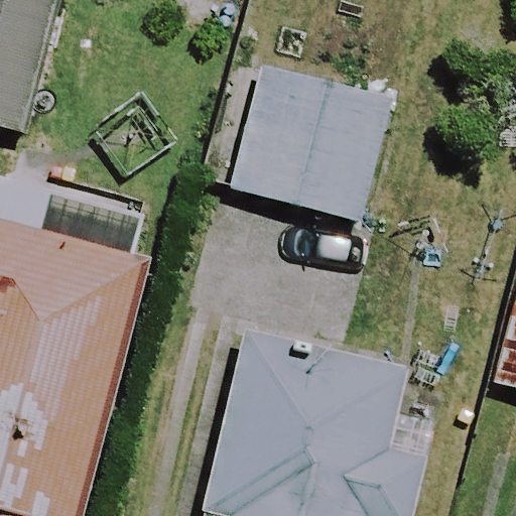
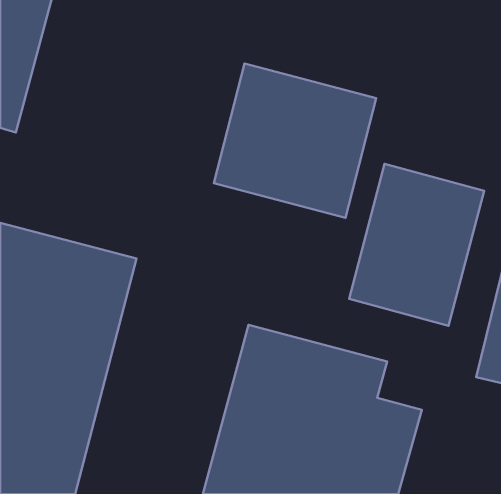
building: none -> [349,164,484,326]

